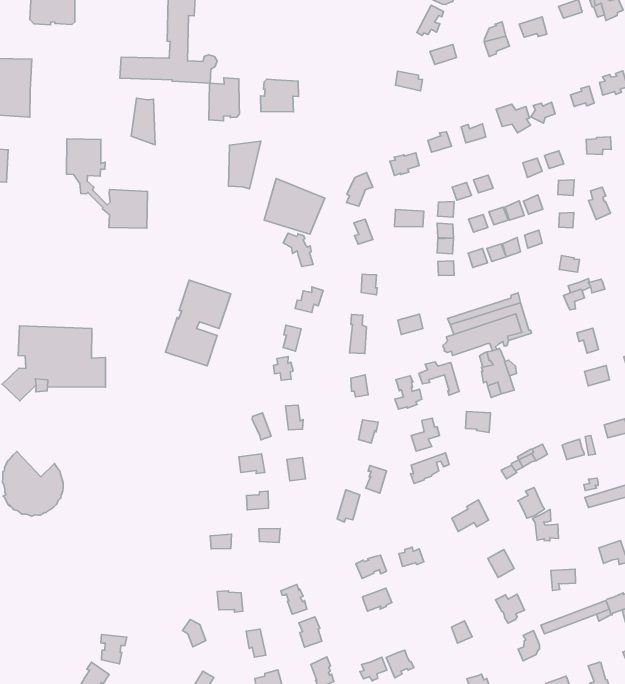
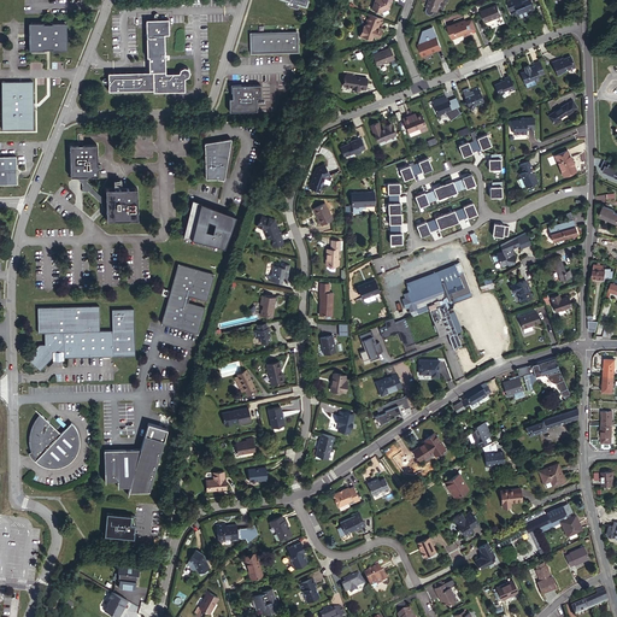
building: none -> [248,36,295,55]
building: [209,78,240,121] -> none
building: [131,98,155,145] -> none
building: [264,179,325,234] -> [183,201,234,247]
building: none -> [110,310,134,357]
building: none -> [104,425,168,494]
building: none -> [105,513,135,537]

